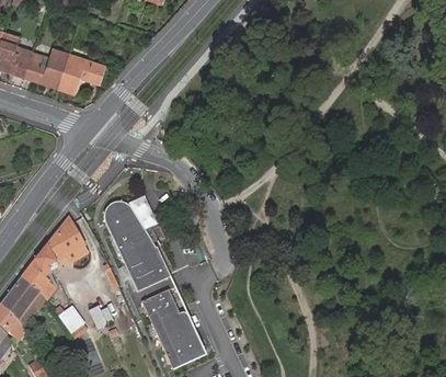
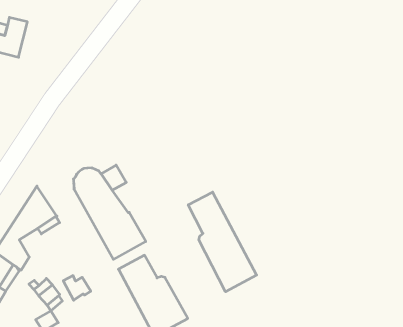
building: [58,54,104,94] -> none
building: none -> [188,192,257,292]

